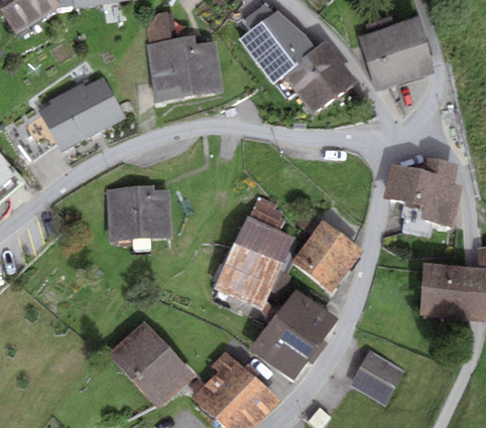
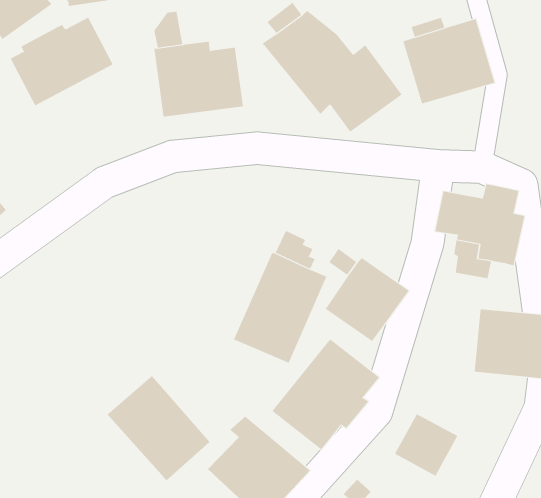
building: [39,76,127,151] -> [10,17,114,106]
building: [105,184,172,242] -> none

